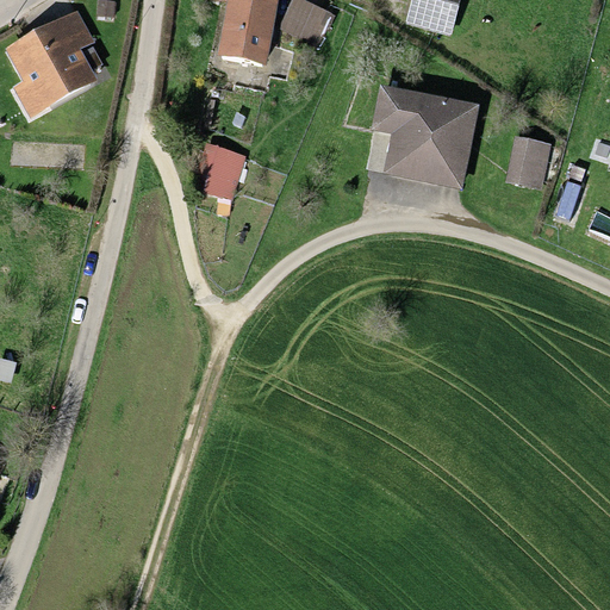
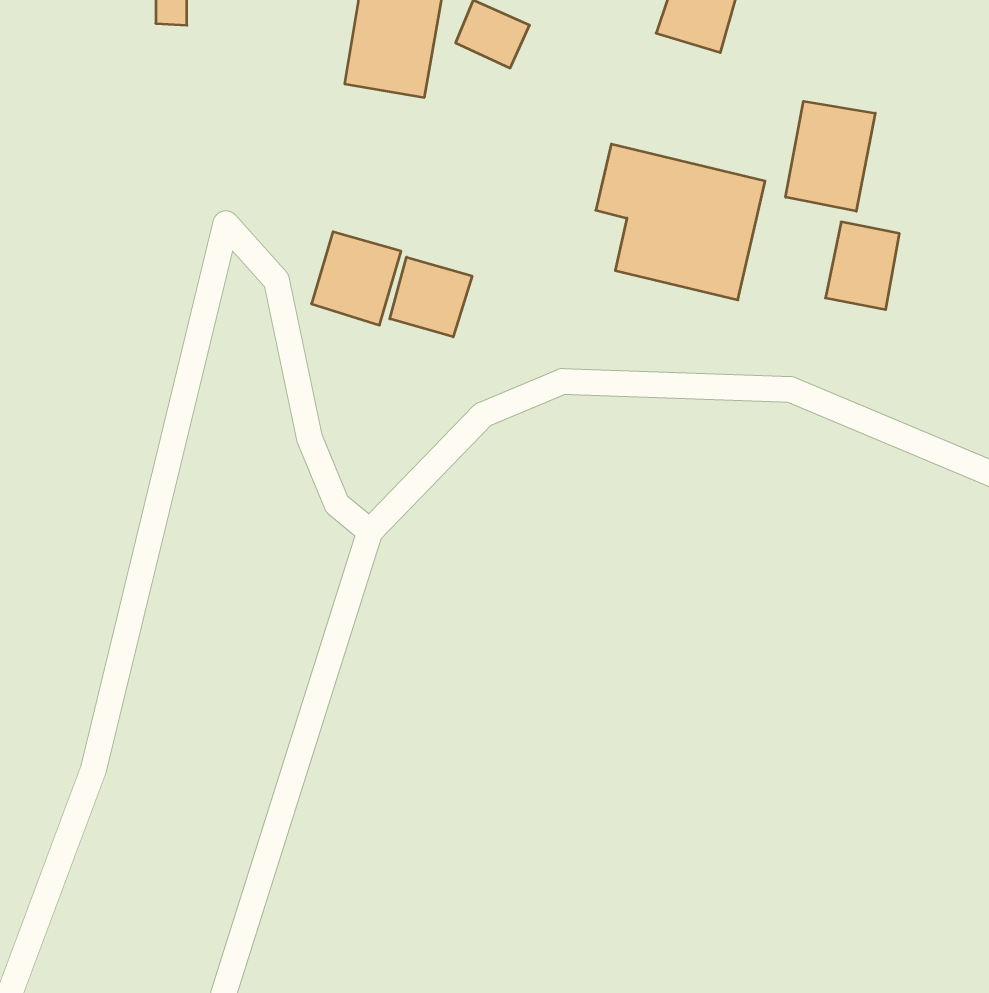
building: [12,10,104,118] -> none
building: none -> [786,101,875,211]
building: none -> [390,257,472,337]

